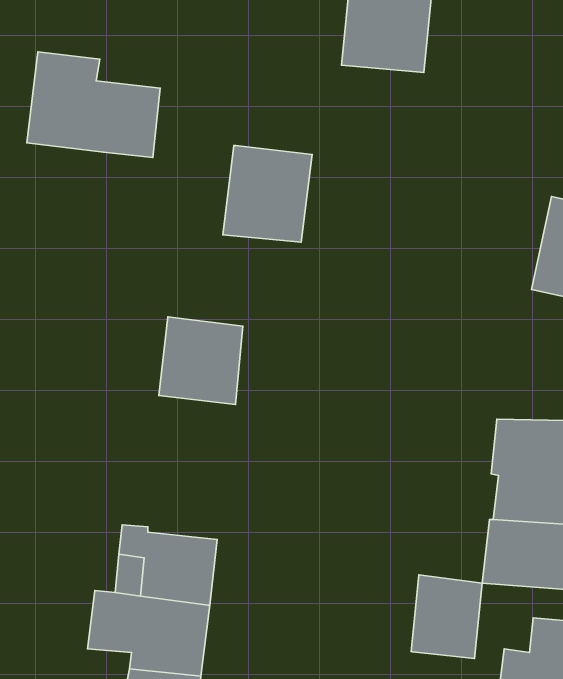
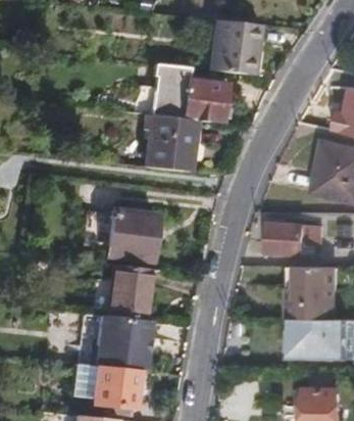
building: [27,52,160,158] -> [147,61,221,121]
building: none -> [265,222,316,250]
building: none -> [106,264,146,319]
building: [411,575,482,658] -> none

